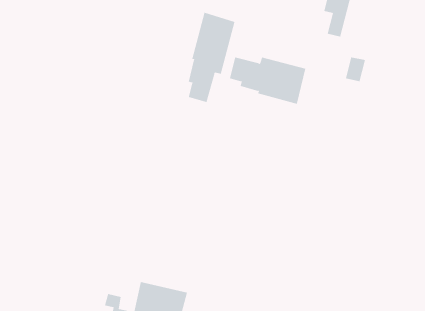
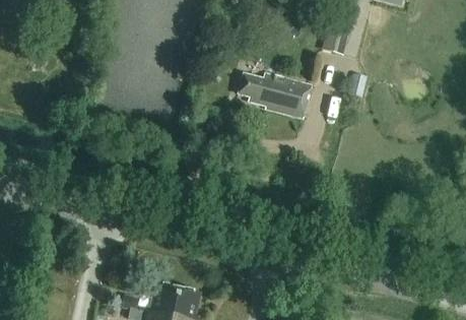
building: [188,12,235,103] -> none

